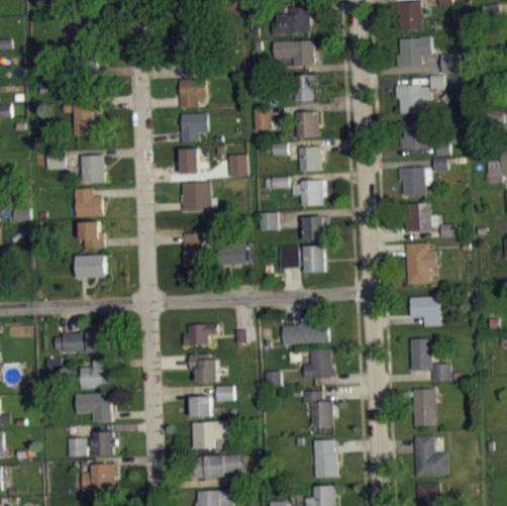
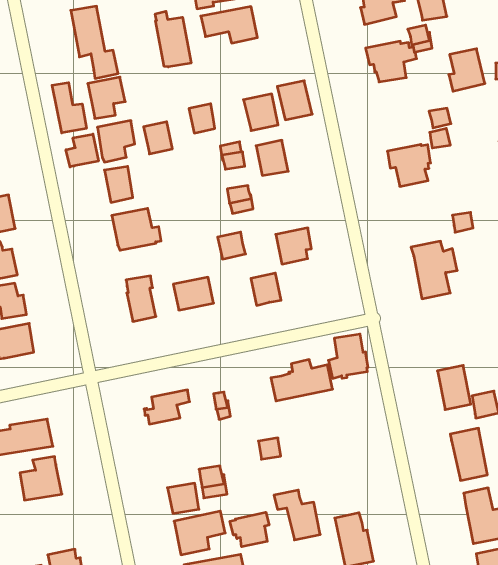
building: none -> [155,11,191,67]
building: [293,75,316,102] -> [277,81,312,120]
building: none -> [52,83,86,133]
building: none -> [66,134,98,167]
building: [399,120,425,149] -> [449,49,485,91]
building: [228,154,247,176] -> [144,122,172,154]
building: [291,181,325,206] -> none
building: [404,202,436,231] -> none
building: [303,244,325,272] -> none
building: [408,296,438,326] -> none
building: [302,348,331,380] -> [328,334,368,378]
building: [190,353,218,382] -> none
building: [301,390,331,427] -> [274,490,320,540]
building: [76,394,110,421] -> none
building: none -> [230,512,269,547]

